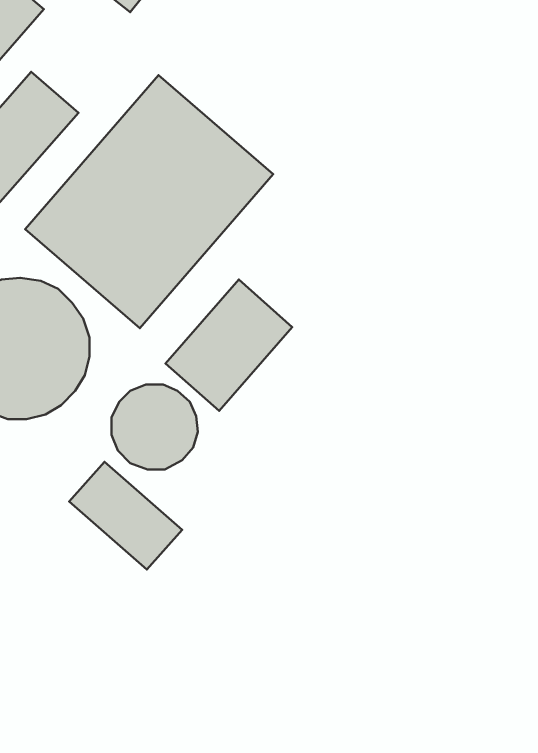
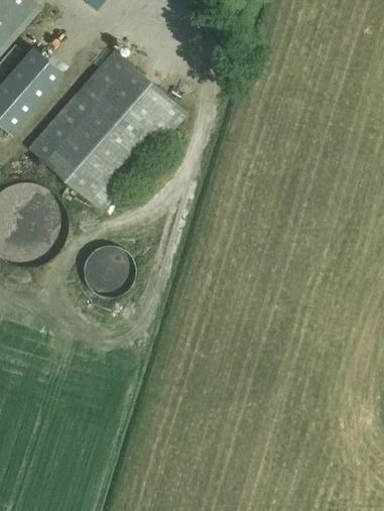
building: [166,280,292,411] -> none
building: [69,462,182,570] -> none

